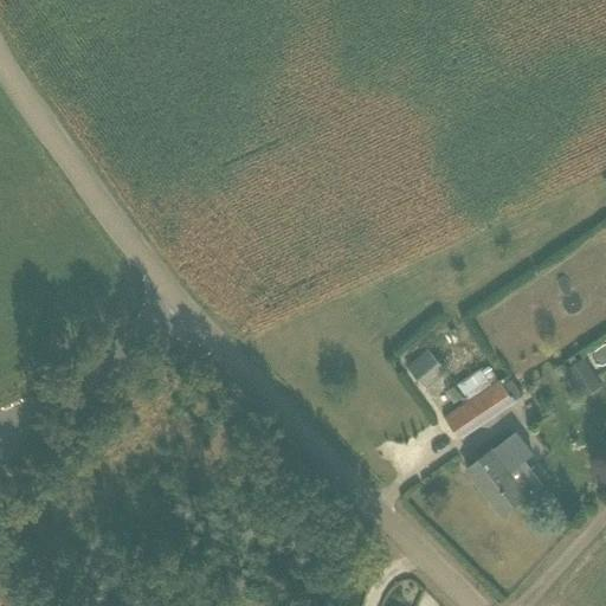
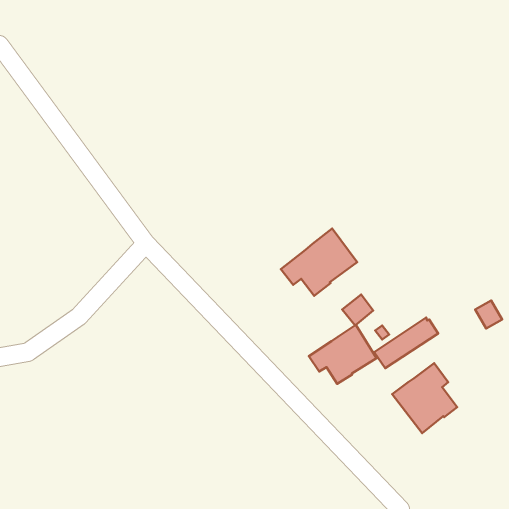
building: none -> [281,228,357,296]
building: none -> [309,325,377,384]

